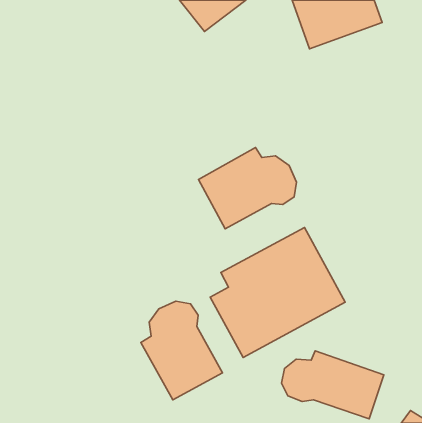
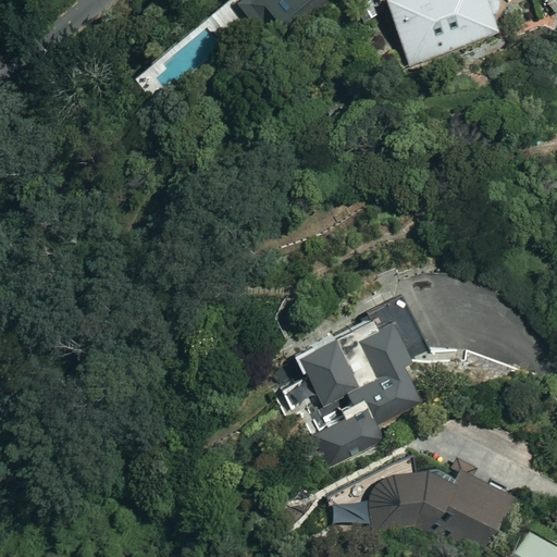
building: [198,147,297,229] -> none
building: [141,301,222,400] -> none

